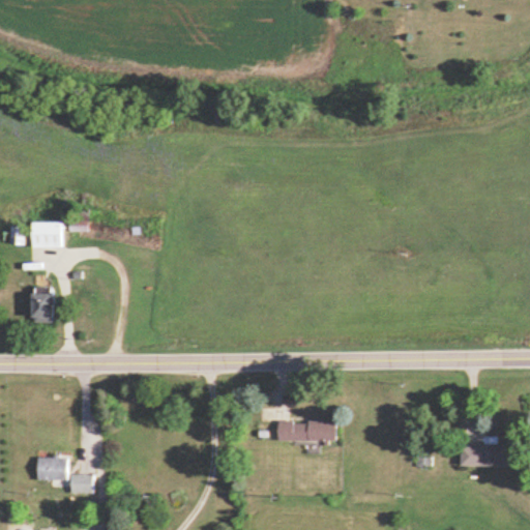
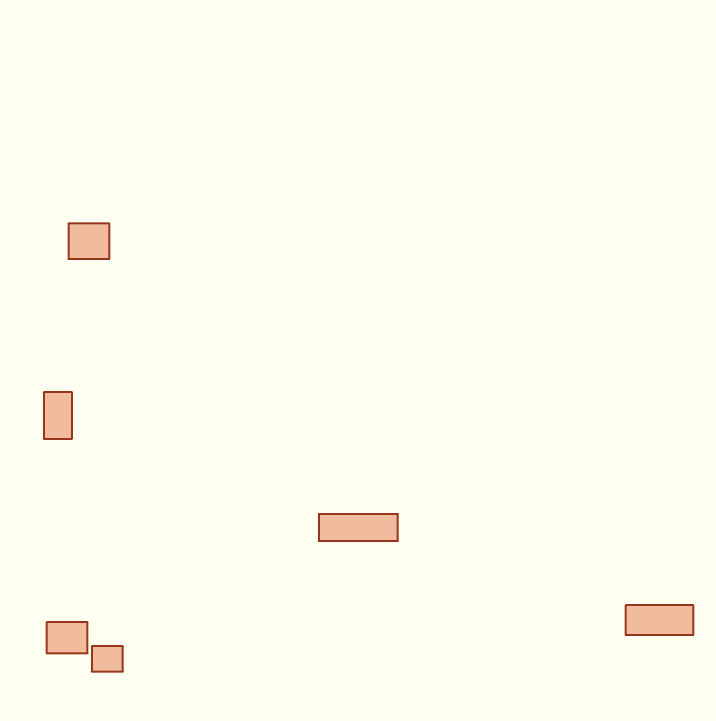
building: [33,222,63,247] -> [68,224,109,259]
building: [275,420,333,440] -> [319,514,398,541]

